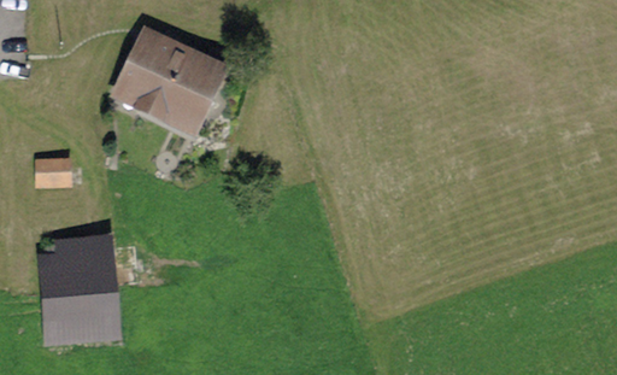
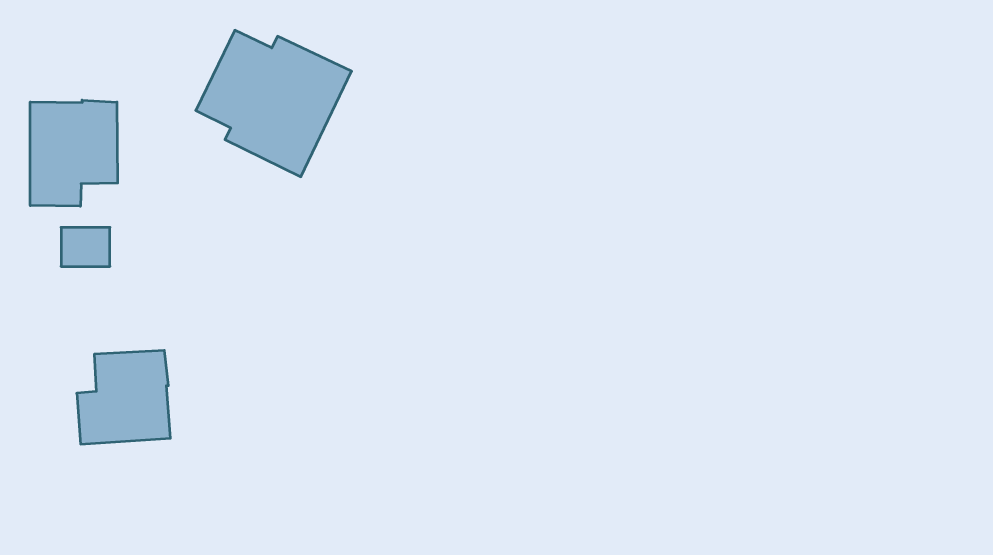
building: none -> [30,100,118,206]
building: [51,291,108,335] -> none

